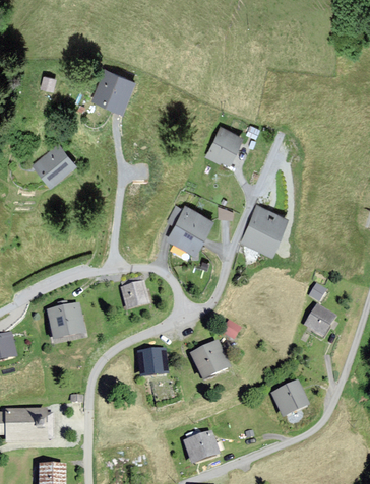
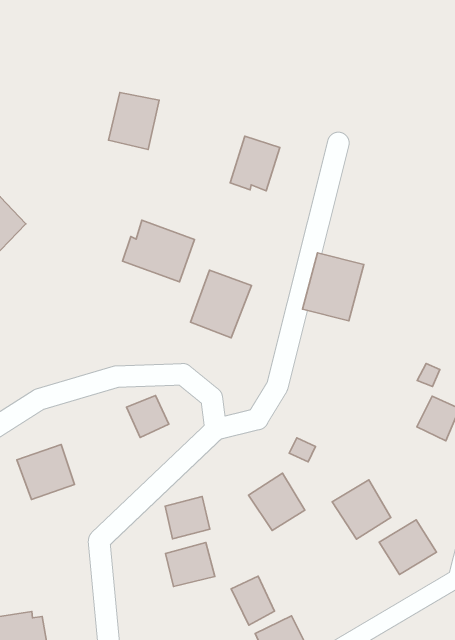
building: [95,71,130,110] -> [108,92,159,150]
building: none -> [123,220,194,282]
building: none -> [332,480,391,539]
building: none -> [166,543,215,587]
building: none -> [231,576,275,625]

